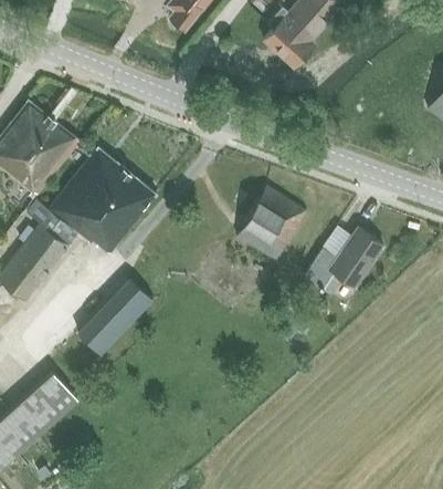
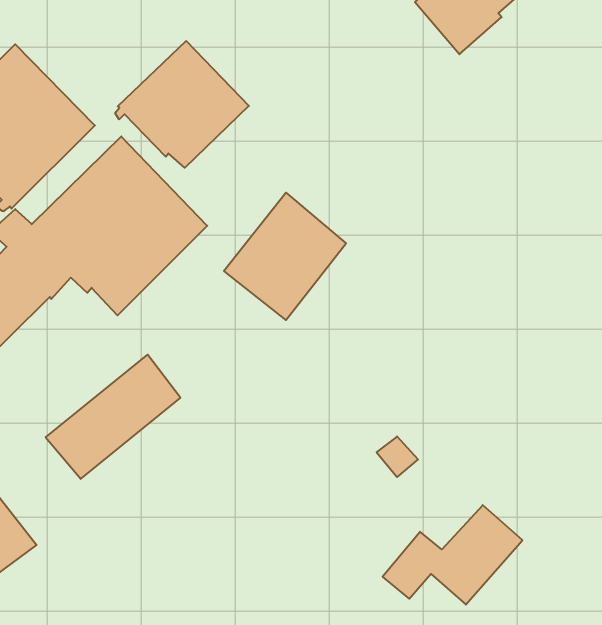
building: none -> [115,41,249,168]
building: [235,187,306,263] -> [224,193,346,320]
building: [303,229,383,291] -> [383,505,522,605]

